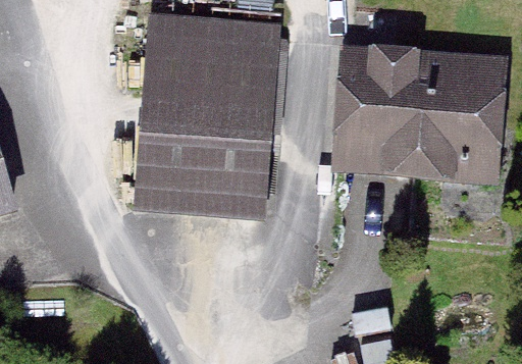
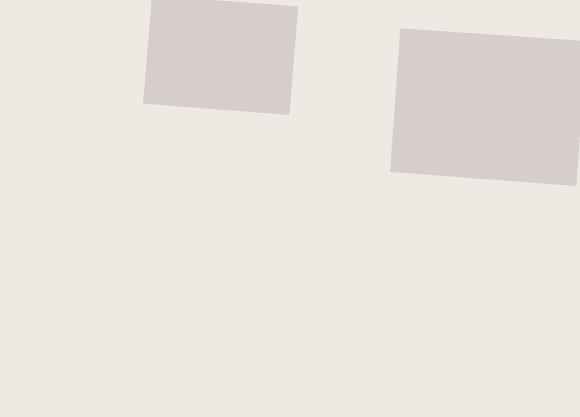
building: [138,113,262,208] -> none

